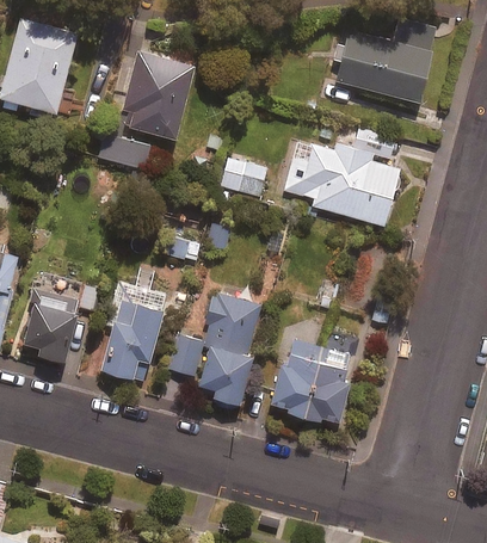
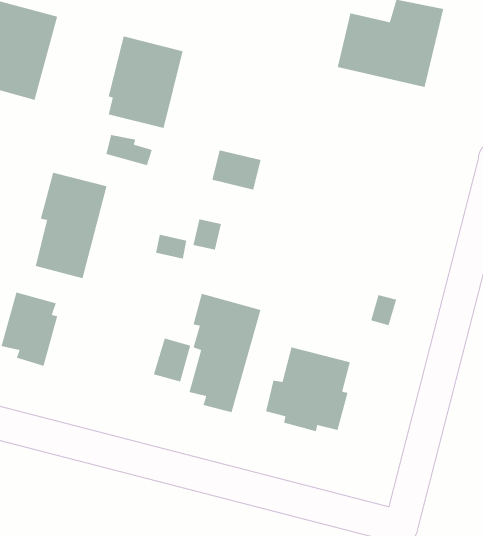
building: [284,130,401,226] -> none
building: [100,282,168,382] -> [35,172,108,279]

